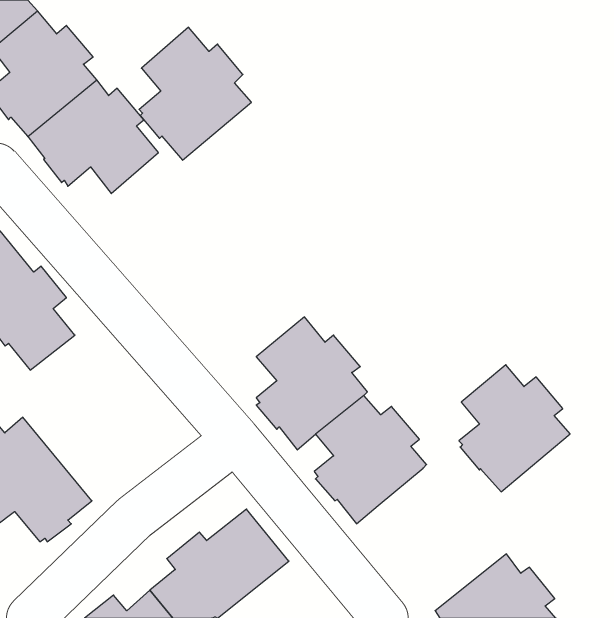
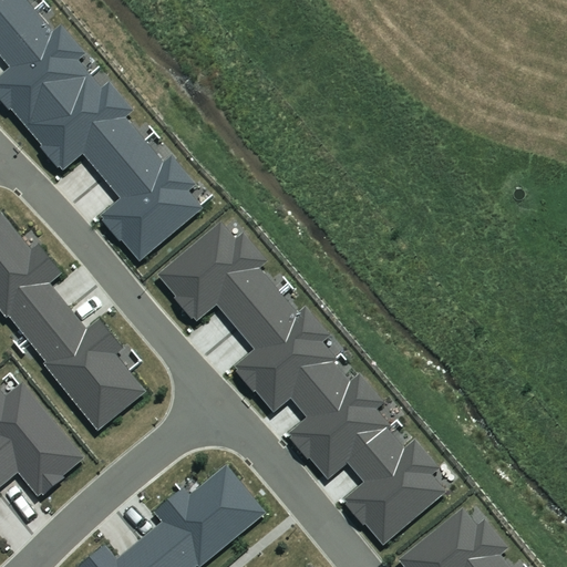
building: [139,27,251,160] -> [100,140,203,261]
building: none -> [157,221,279,327]
building: none -> [28,307,145,431]
building: [459,365,570,492] -> [344,429,446,545]

